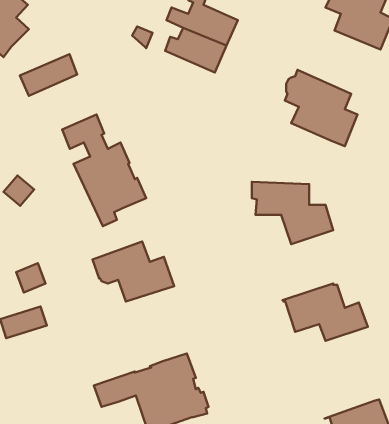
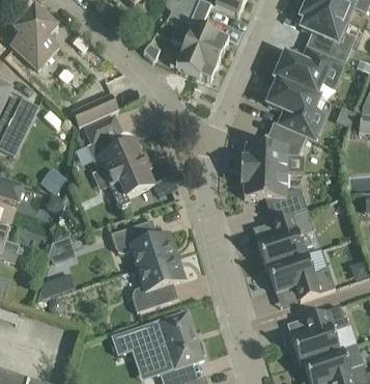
building: none -> [275,46,345,98]
building: [20,54,77,96] -> [72,91,118,126]
building: none -> [240,121,306,171]
building: none -> [257,209,314,266]
building: none -> [132,254,184,311]
building: none -> [291,304,347,362]

